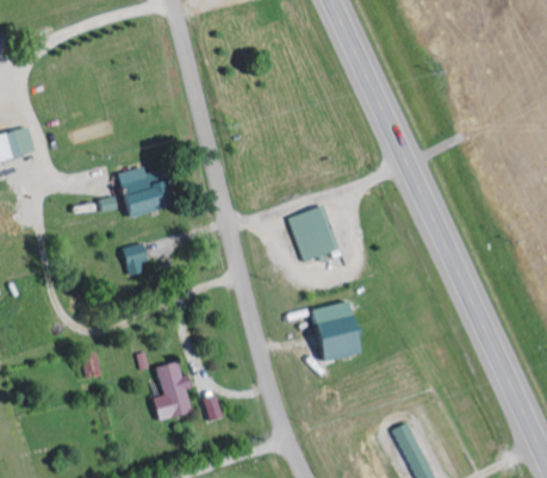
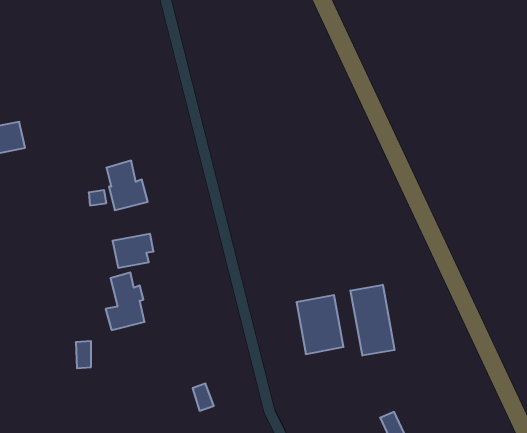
building: [290,204,341,261] -> none
building: none -> [350,285,395,356]
building: [153,360,192,418] -> [106,272,145,330]

